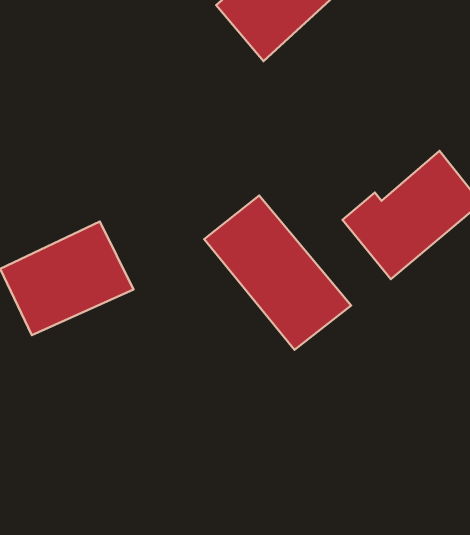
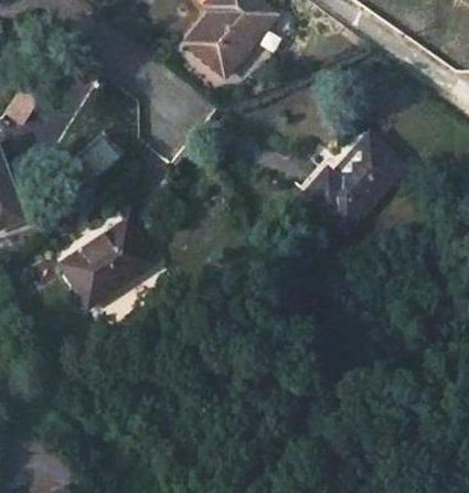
building: [204,196,351,350] -> none

